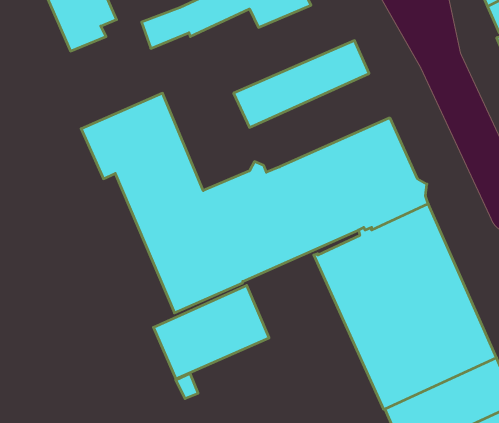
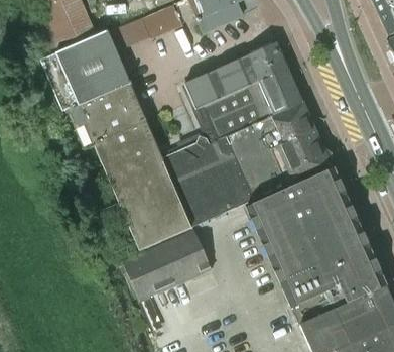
building: none -> [39,29,130,110]
building: none -> [204,67,303,138]

